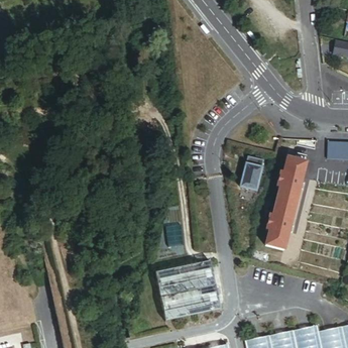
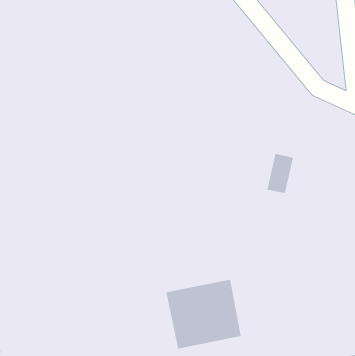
building: [266,156,306,248] -> none

